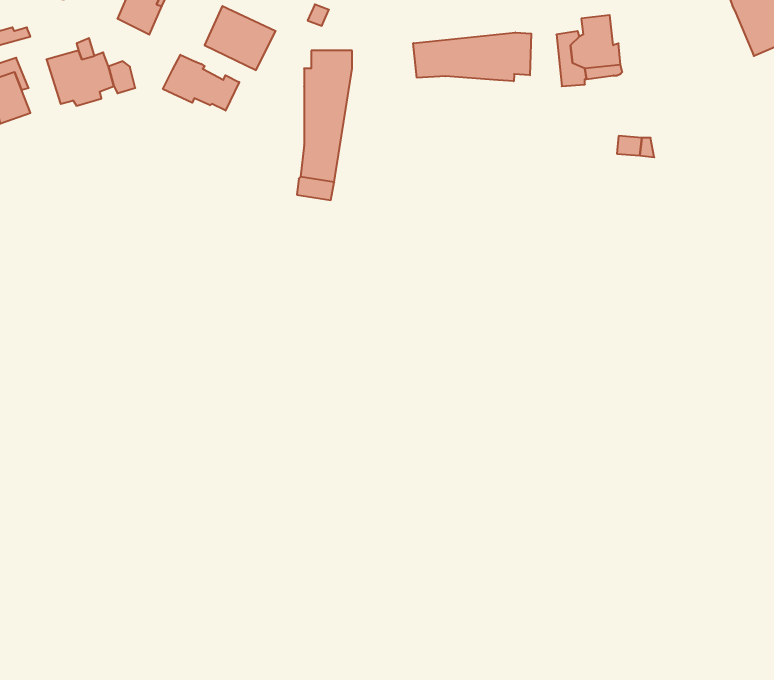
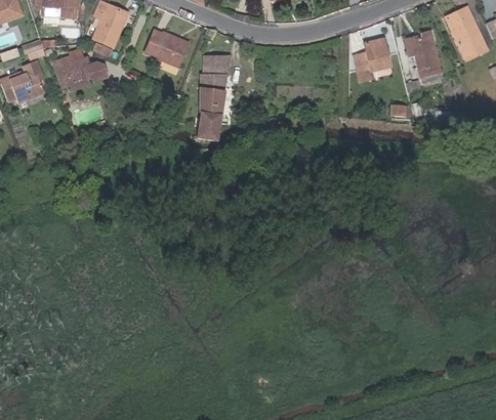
building: none -> [402,33,435,77]
building: [413,32,531,81] -> none
building: [163,55,239,111] -> none

